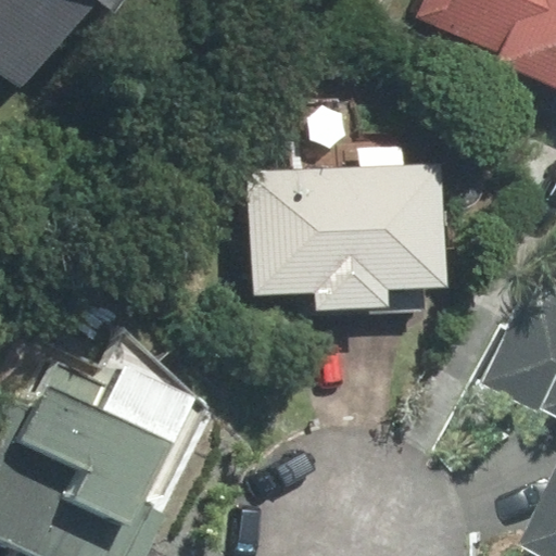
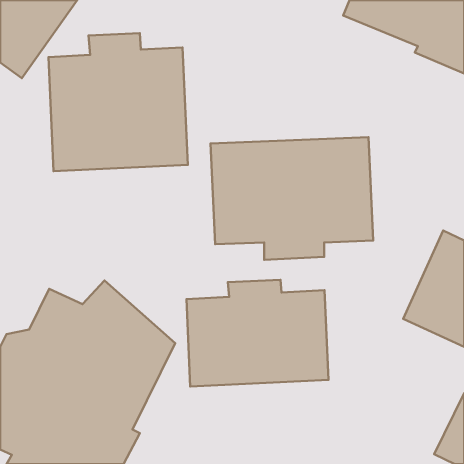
building: none -> [48,33,188,171]
building: none -> [186,280,328,386]

